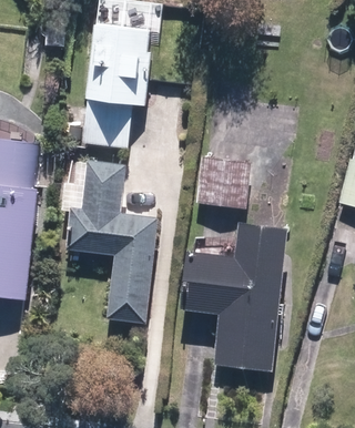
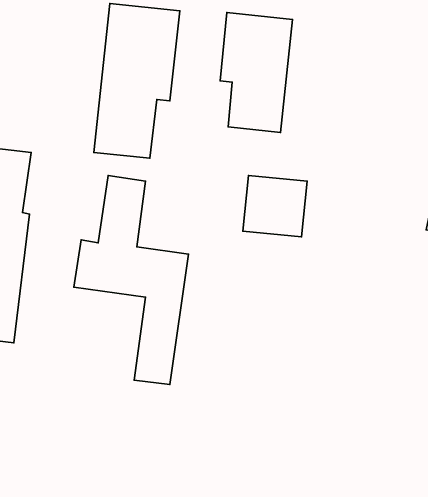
building: none -> [220,12,292,133]
building: [183,223,288,373] -> none

